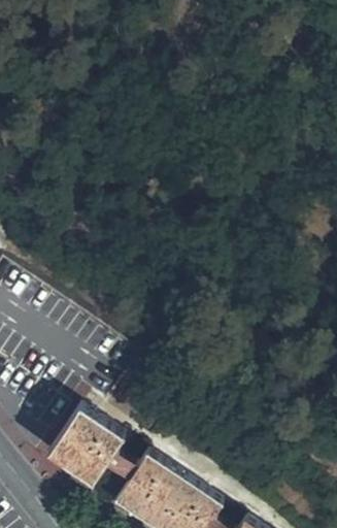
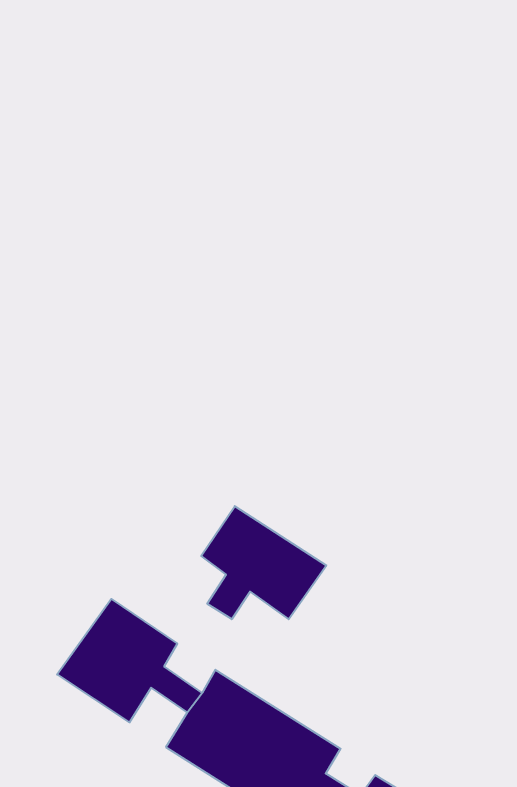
building: none -> [201,506,326,619]

